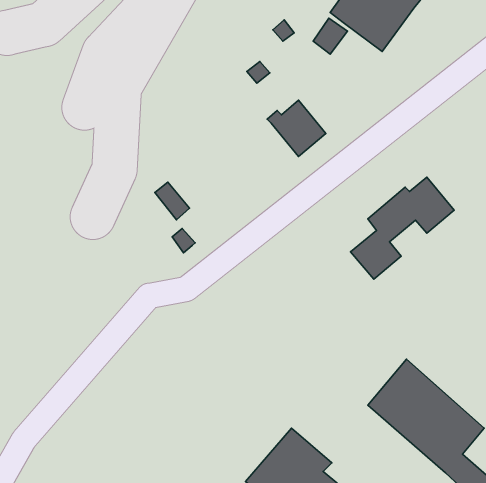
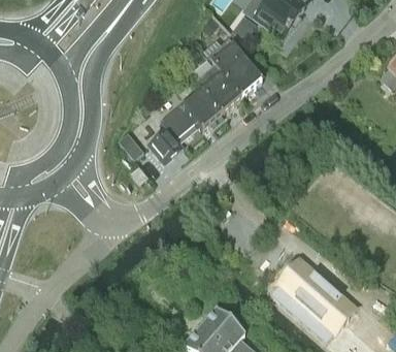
building: none -> [212,42,262,97]
building: [351,177,454,279] -> [147,90,222,163]

